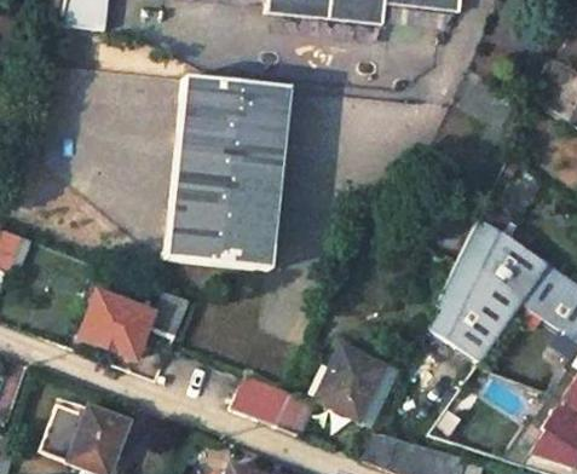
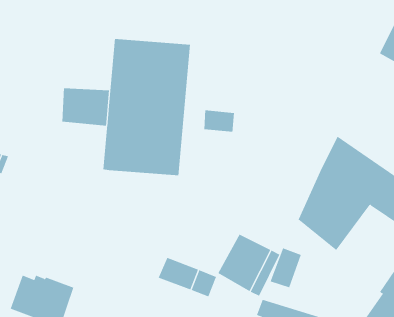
building: none -> [62,87,110,126]
building: none -> [204,109,234,132]
building: [83,290,194,363] -> none
building: none -> [270,248,302,288]

